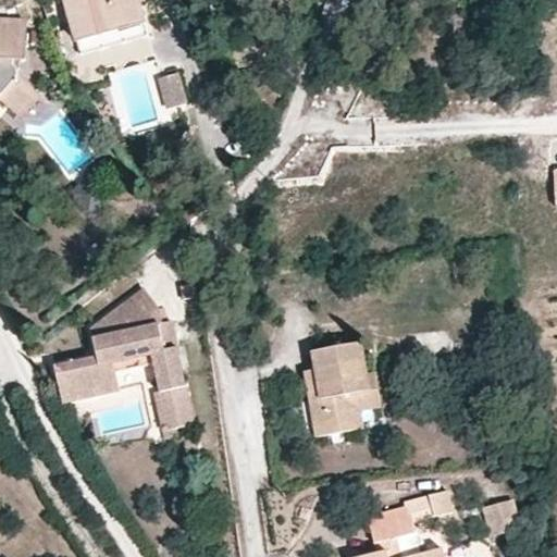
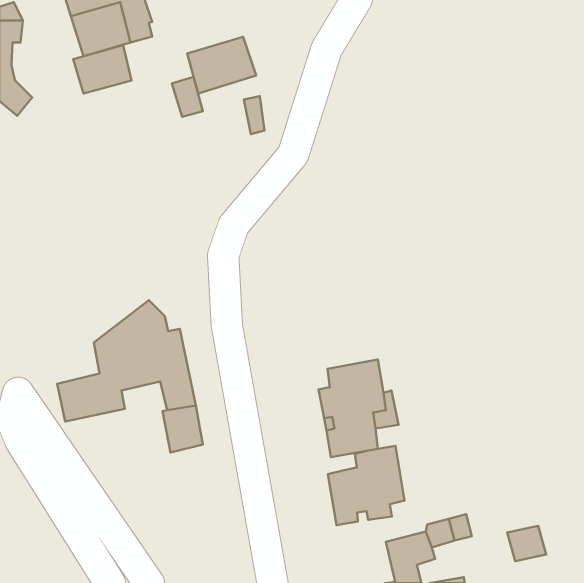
building: none -> [187,37,256,94]
building: none -> [73,45,132,94]
building: none -> [328,446,404,525]

